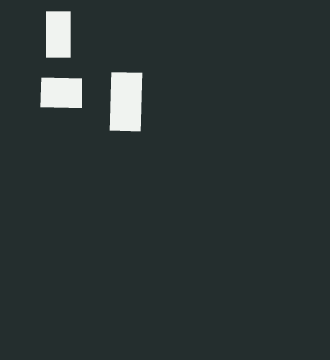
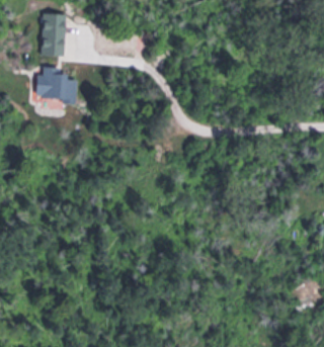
building: [109,71,143,132] -> none

